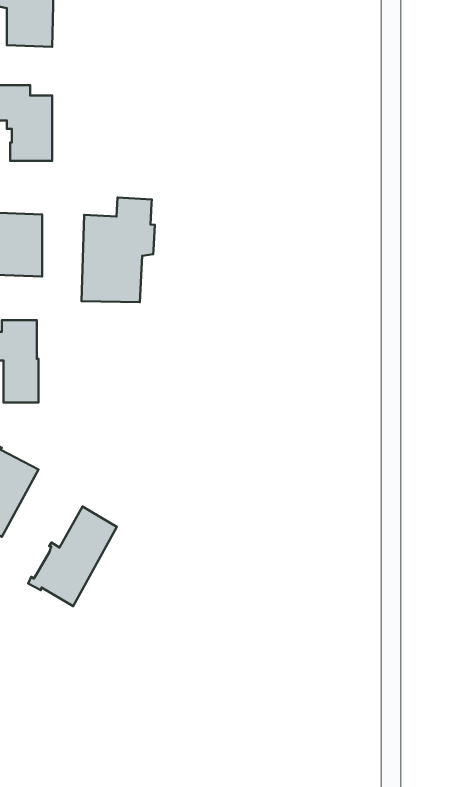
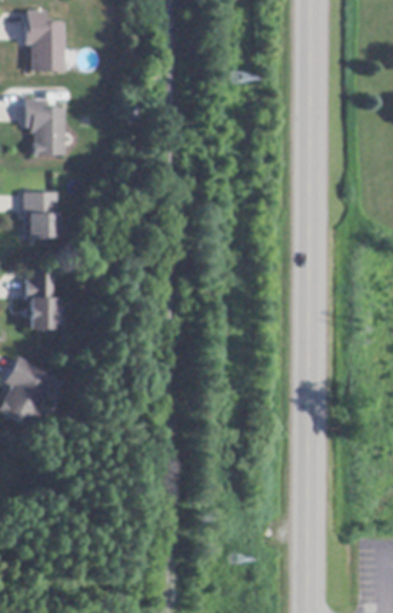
building: [82,198,155,302] -> none
building: [28,507,117,606] -> none

